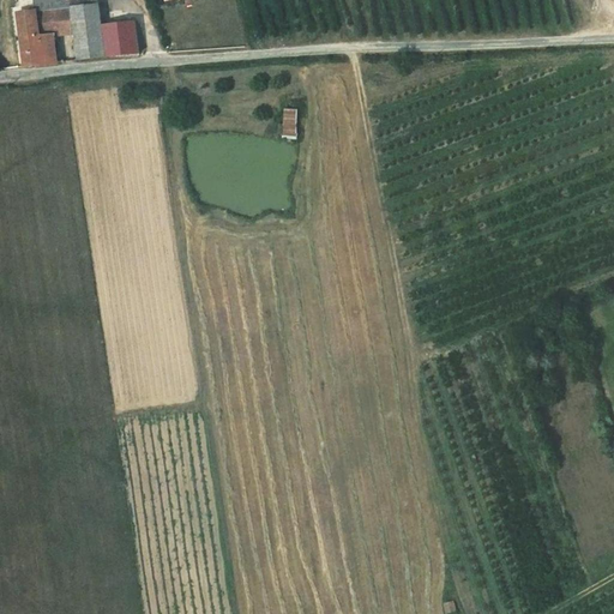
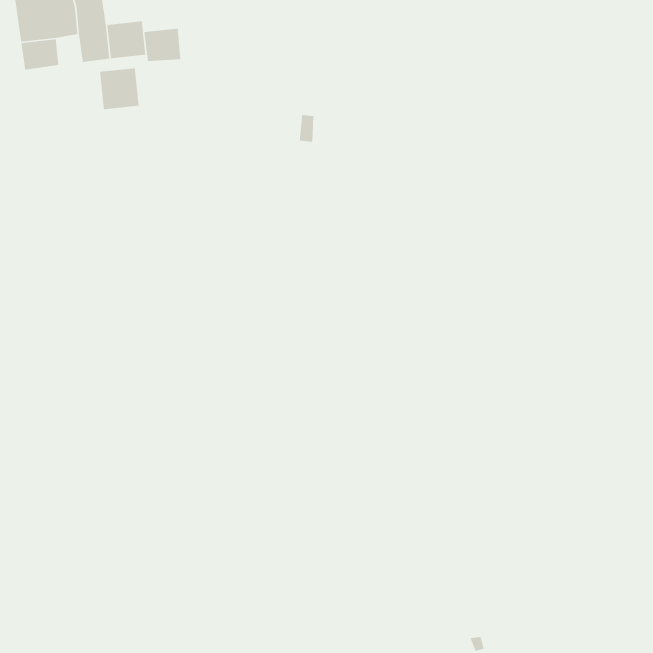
building: none -> [144,28,181,62]
building: none -> [99,67,140,110]

